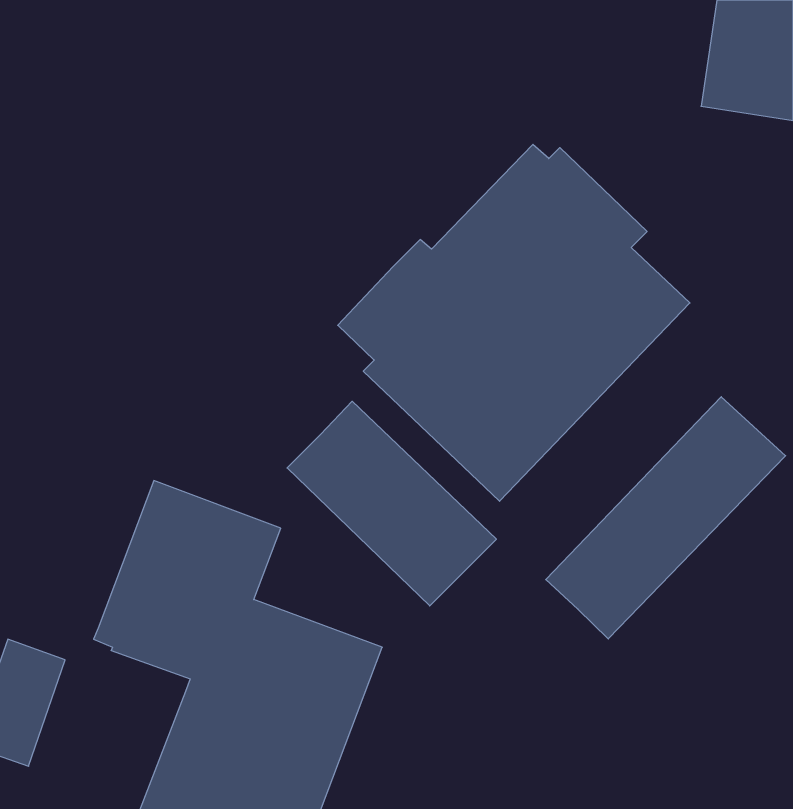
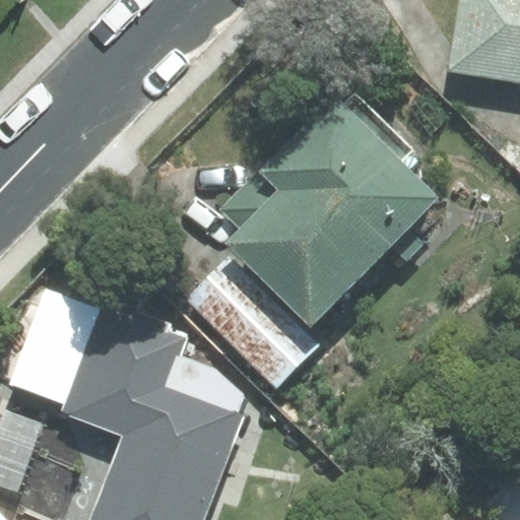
building: [546,397,786,639] -> none
building: none -> [8,288,99,403]

